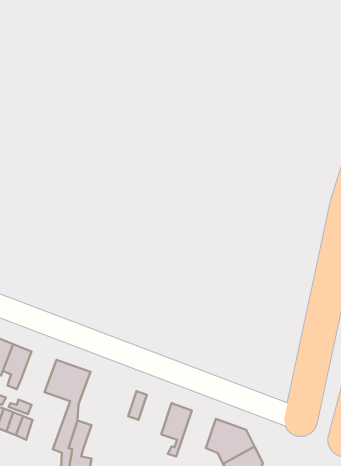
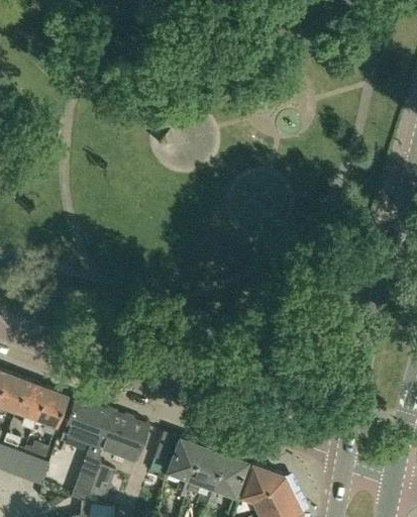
building: none -> [37,390,68,436]
building: none -> [100,412,149,461]
building: none -> [168,438,202,498]
building: none -> [207,454,247,508]

